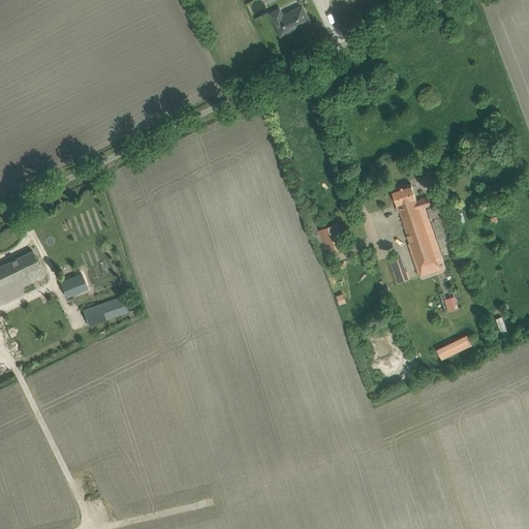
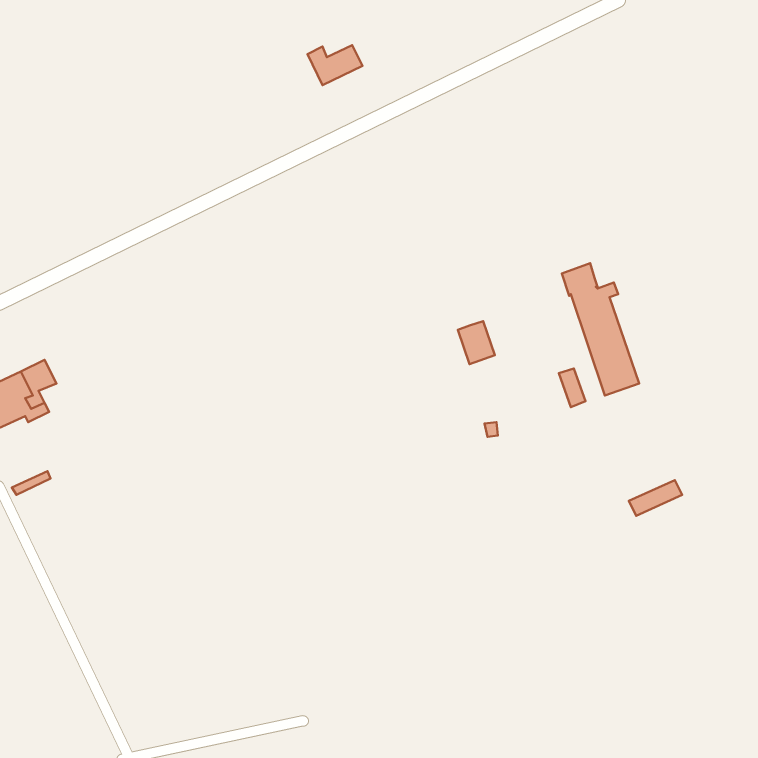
building: [270,7,308,35] -> [308,45,363,85]
building: [58,275,84,300] -> none
building: [82,298,126,326] -> none

